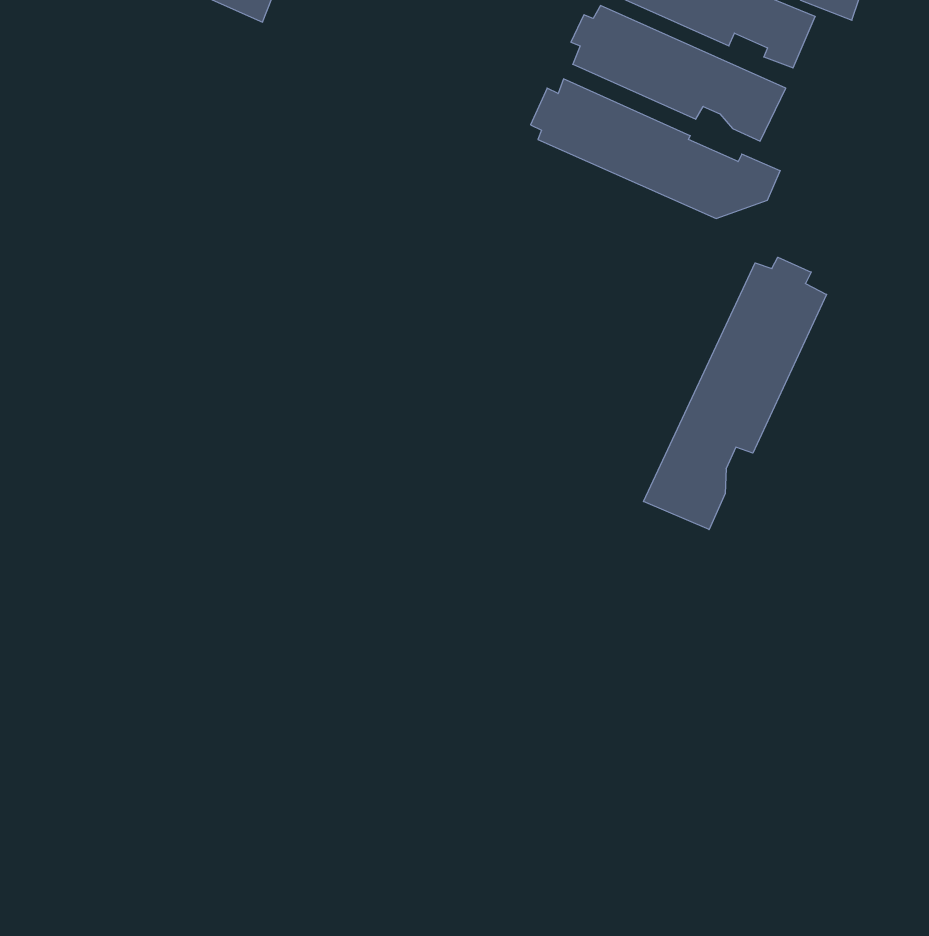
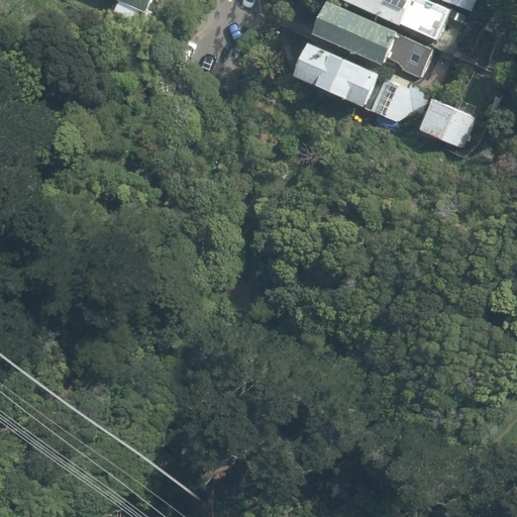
building: none -> [418,98,475,148]
building: [644,257,827,530] -> none

